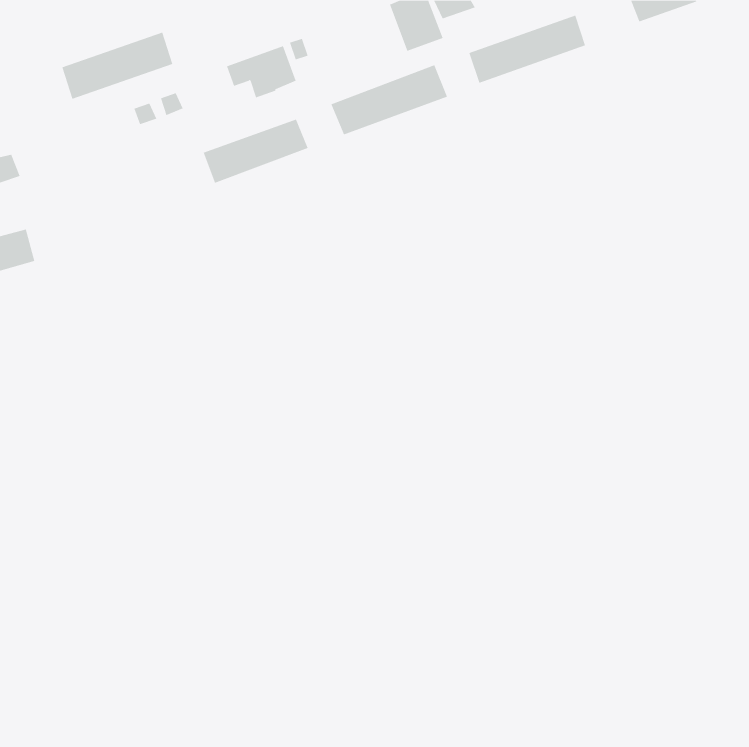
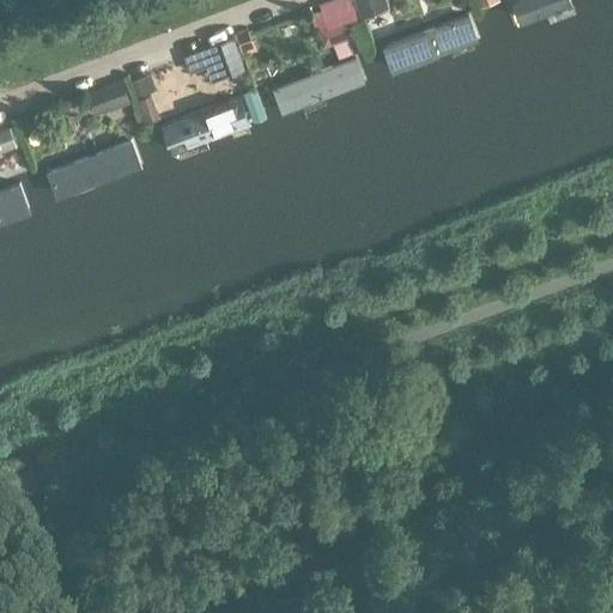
building: [62,32,173,99] -> [49,144,140,199]

